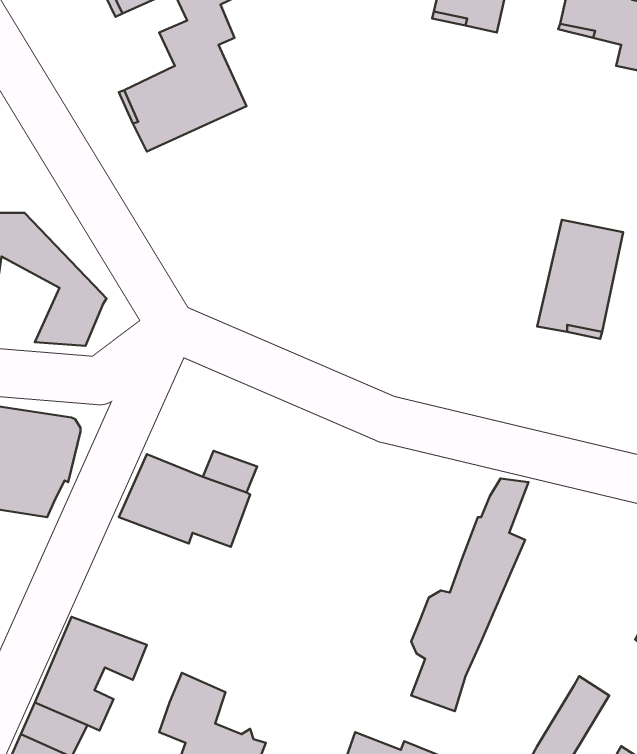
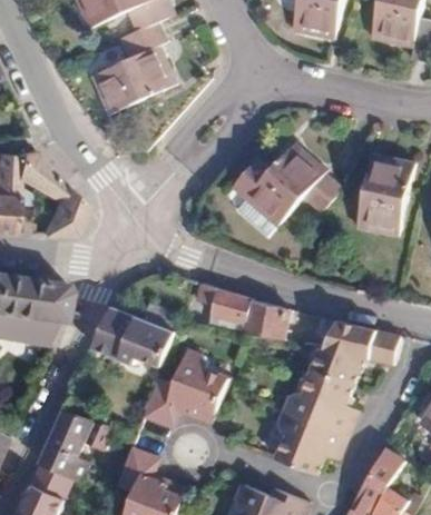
building: none -> [231,143,341,237]
building: none -> [173,277,287,340]
building: none -> [305,324,396,474]
building: none -> [144,348,228,426]

